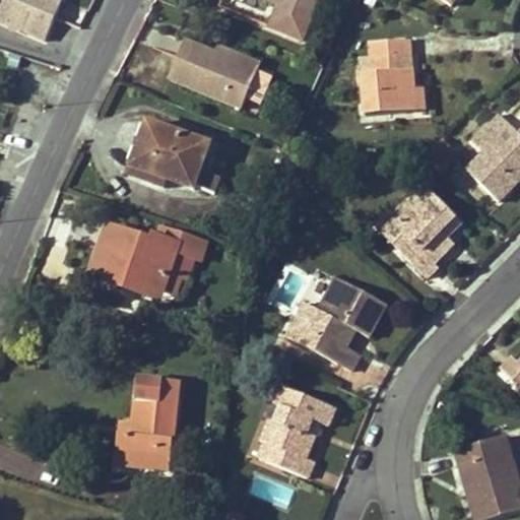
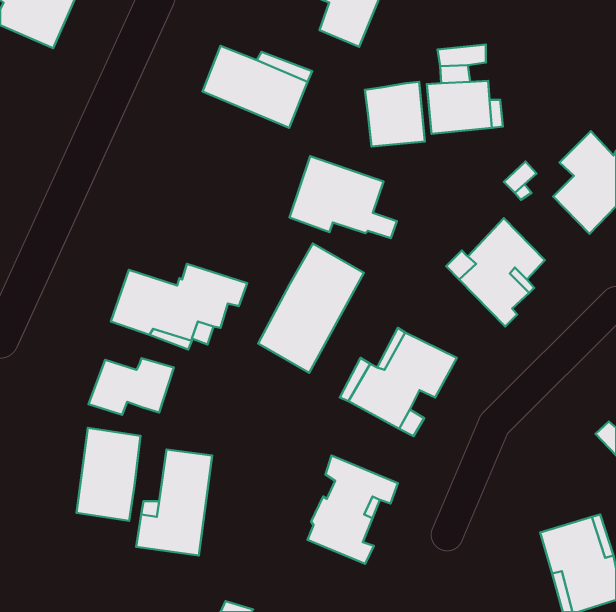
building: none -> [365,82,425,147]
building: [131,123,221,192] -> [290,156,397,238]
building: none -> [258,244,364,373]
building: none -> [89,358,174,415]
building: none -> [76,428,141,521]

